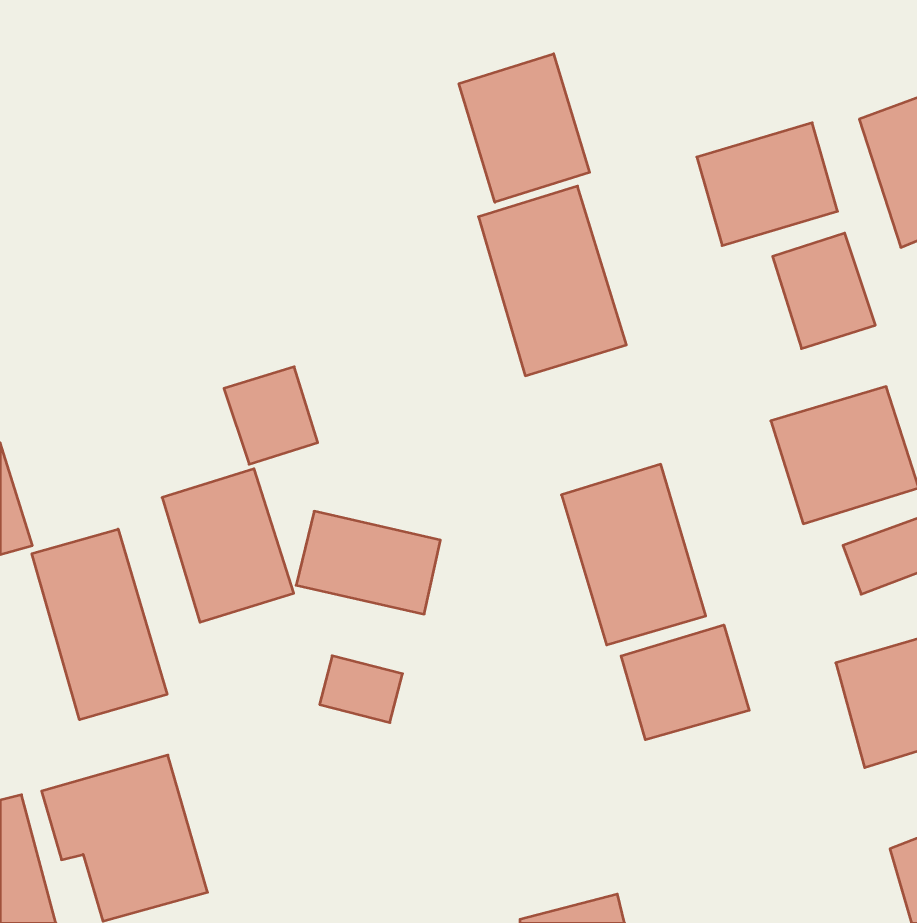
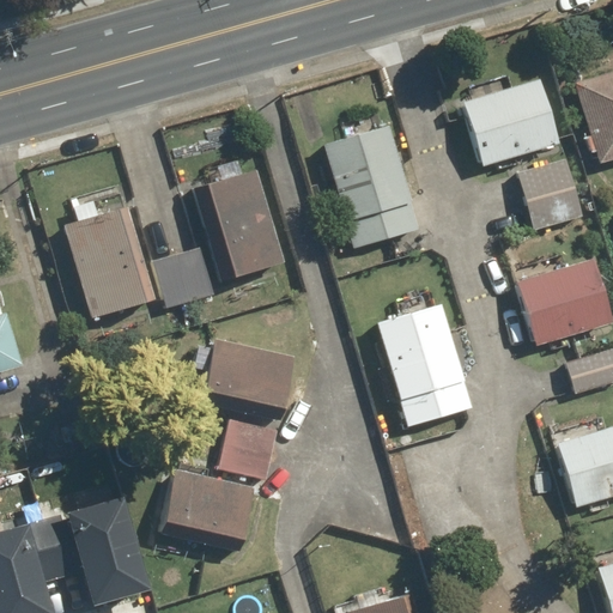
building: [459,54,590,202] -> none
building: none -> [204,166,286,278]
building: [162,469,294,622] -> [67,218,154,320]
building: [32,529,167,720] -> none
building: [621,625,749,740] -> none
building: none -> [160,473,254,545]

